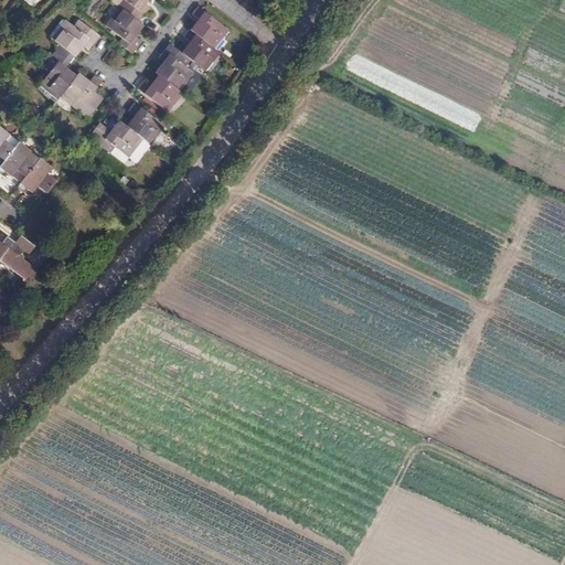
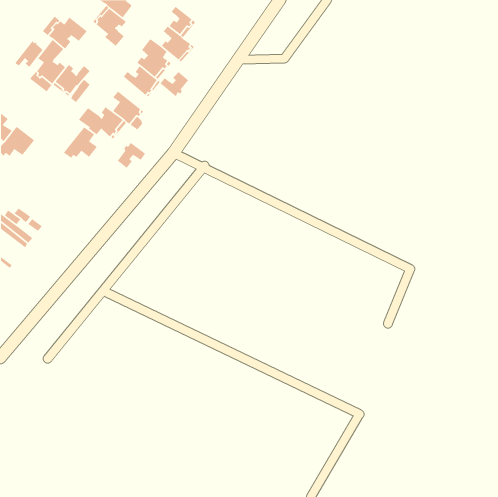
building: none -> [15,41,44,68]
building: none -> [159,71,189,97]
building: [17,158,56,194] -> [63,127,98,159]
building: none -> [117,142,146,169]

